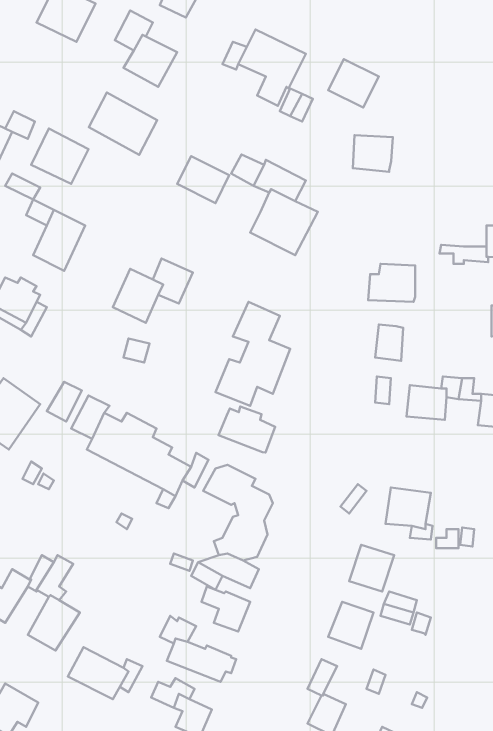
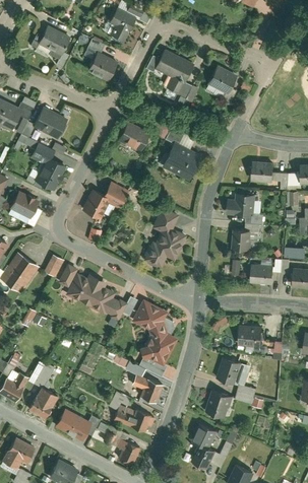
building: [89,92,157,155] -> none
building: [353,135,393,172] -> [250,161,273,183]
building: [219,407,275,453] -> none

